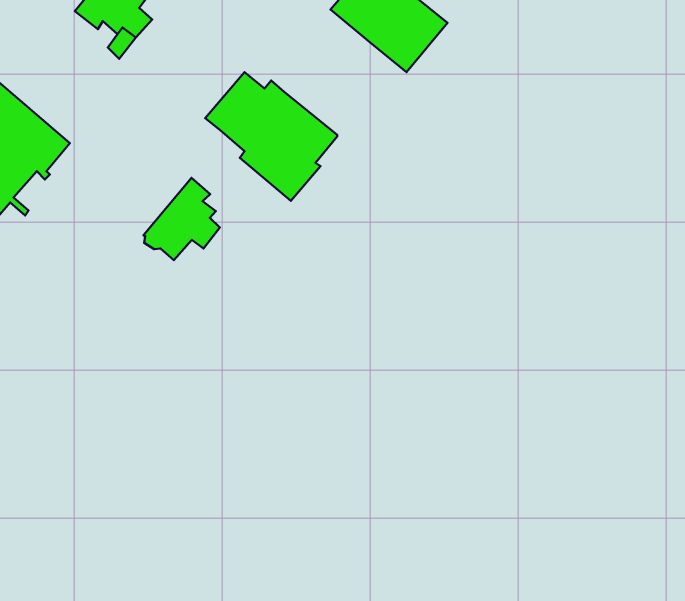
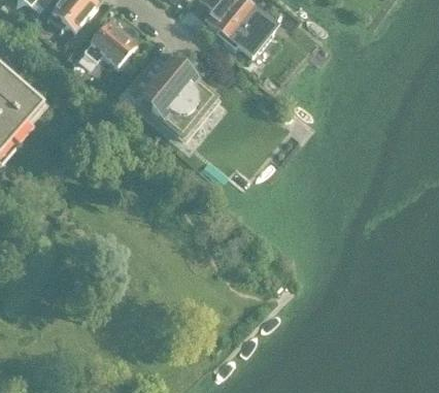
building: none -> [83,22,136,68]
building: [144,178,220,260] -> none

